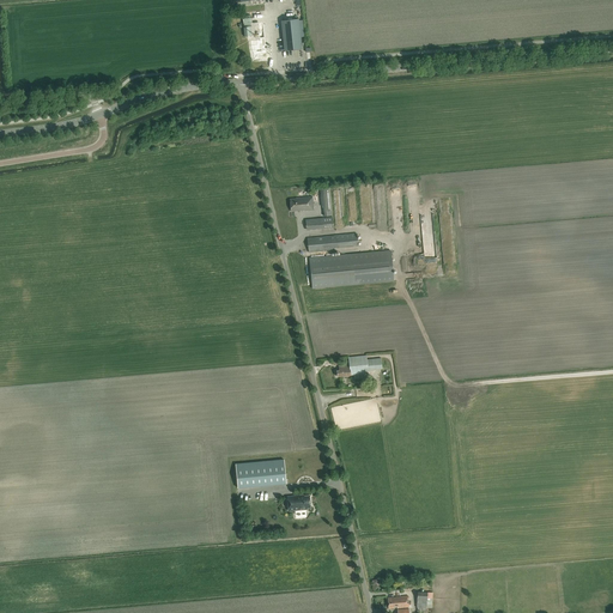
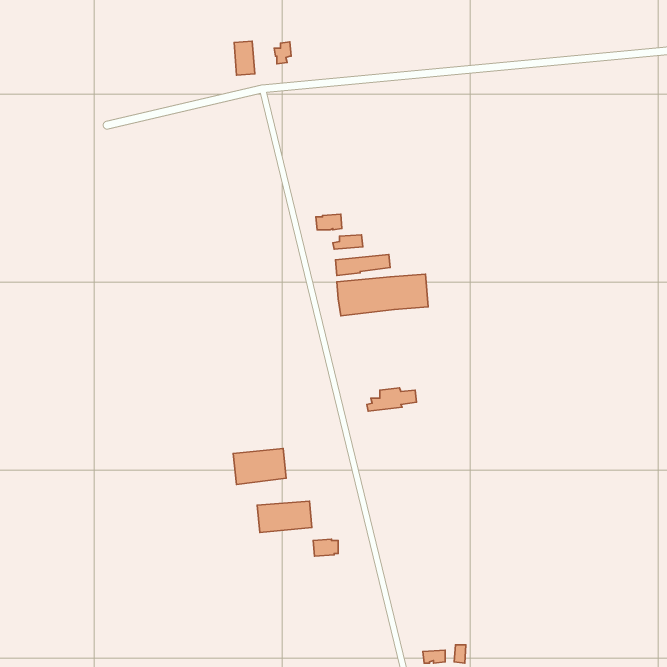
building: [283,19,302,50] -> [234,41,255,75]
building: none -> [233,449,286,485]

